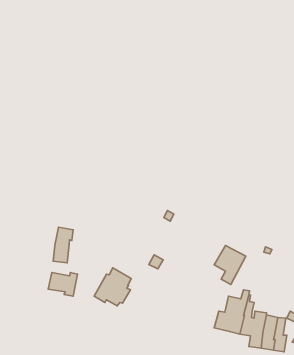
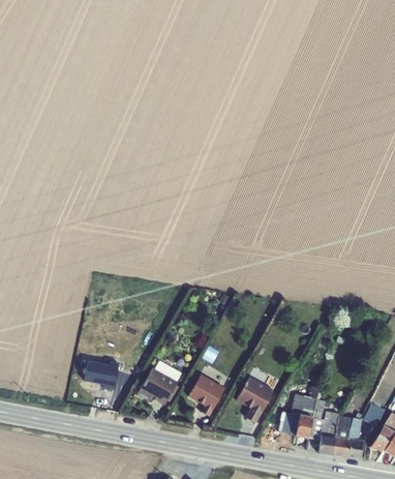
building: [53,227,73,263] -> none
building: [214,246,246,284] -> [236,377,273,422]
building: none -> [188,373,225,415]

